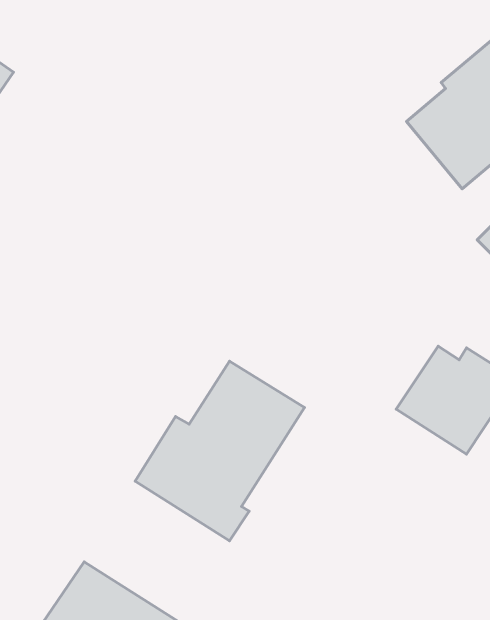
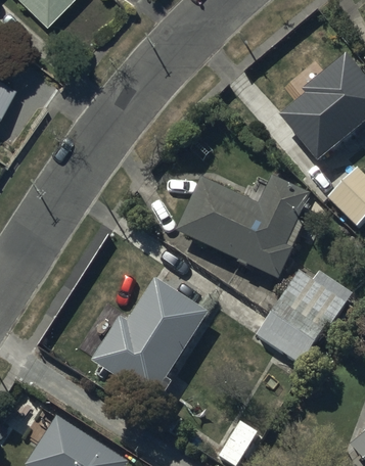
building: none -> [176,178,310,280]
building: none -> [256,315,319,369]

